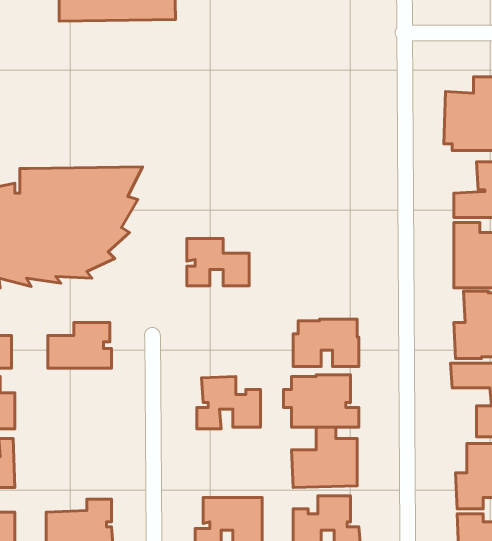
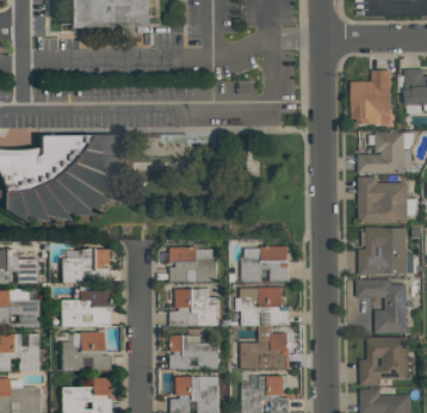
building: [187,238,249,286] -> [171,246,216,281]
building: none -> [60,290,110,325]
building: none -> [61,331,110,370]
building: none -> [169,334,218,369]

